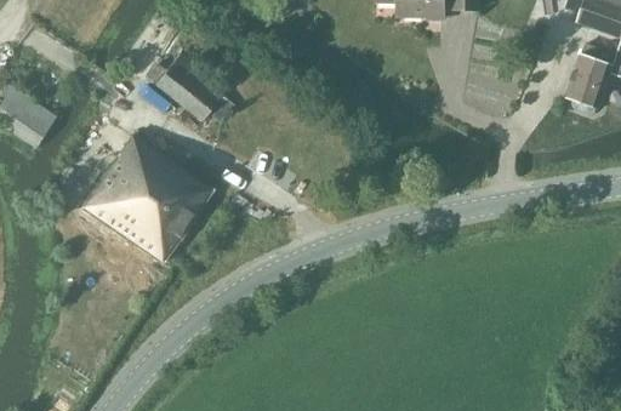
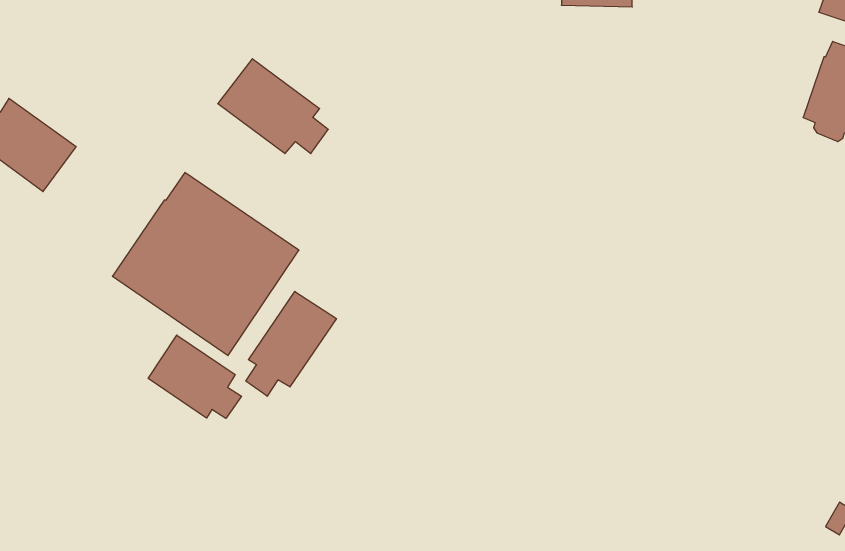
building: none -> [246,291,336,396]
building: none -> [148,335,241,418]

